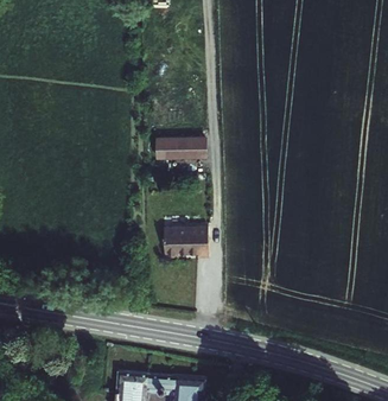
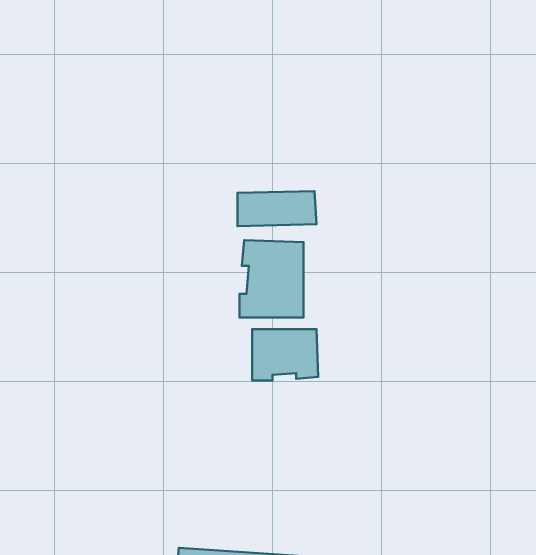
building: none -> [240,240,303,318]

